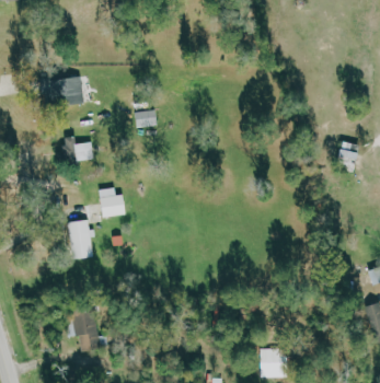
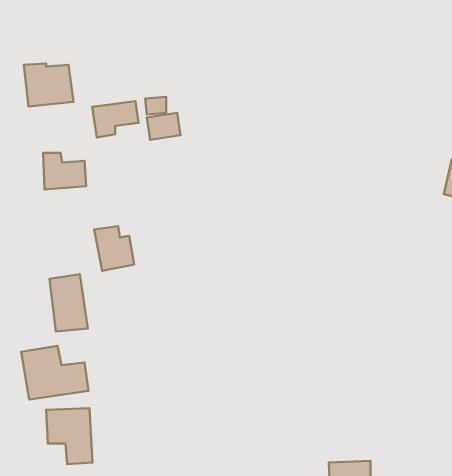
building: none -> [92,101,138,138]
building: none -> [21,346,89,400]

